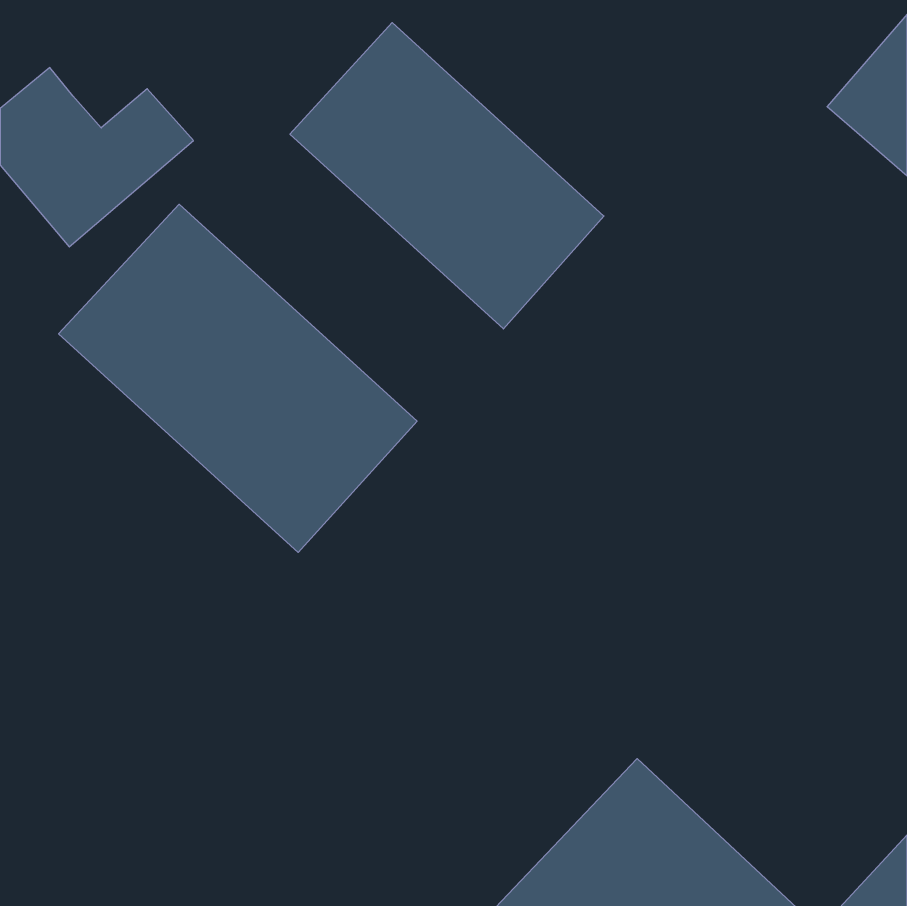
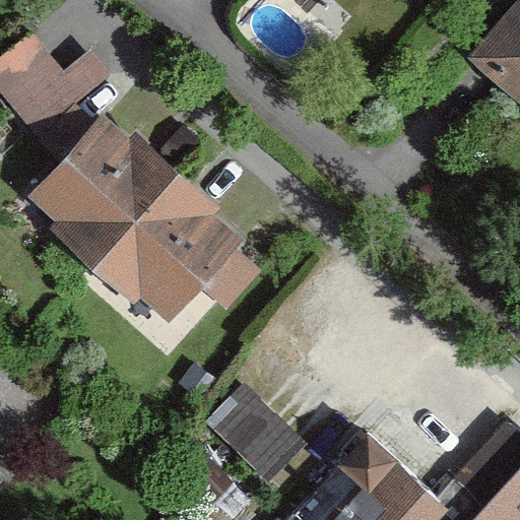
building: [290,23,604,329] -> none
building: none -> [210,377,314,479]

